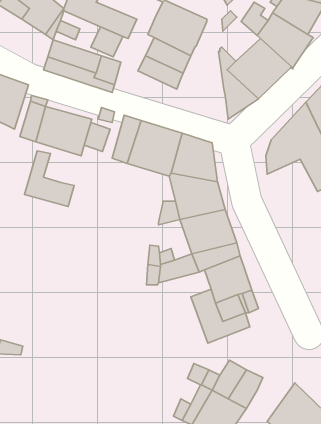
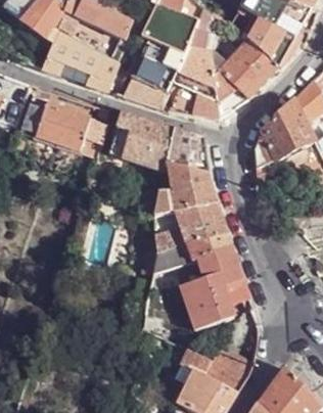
building: none -> [178,46,217,87]
building: none -> [124,70,172,107]
building: none -> [169,79,221,118]
building: [25,151,74,207] -> none

